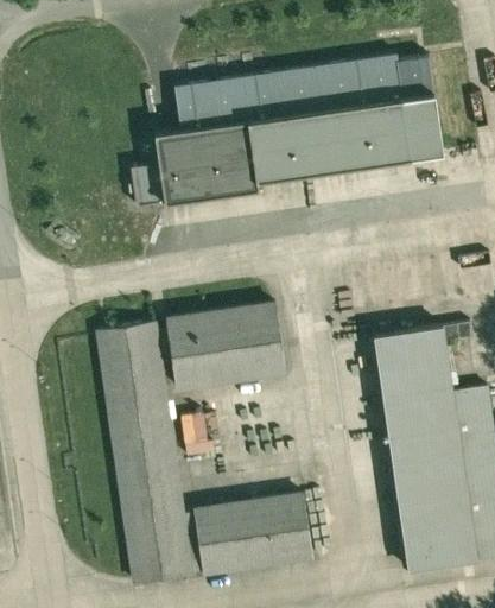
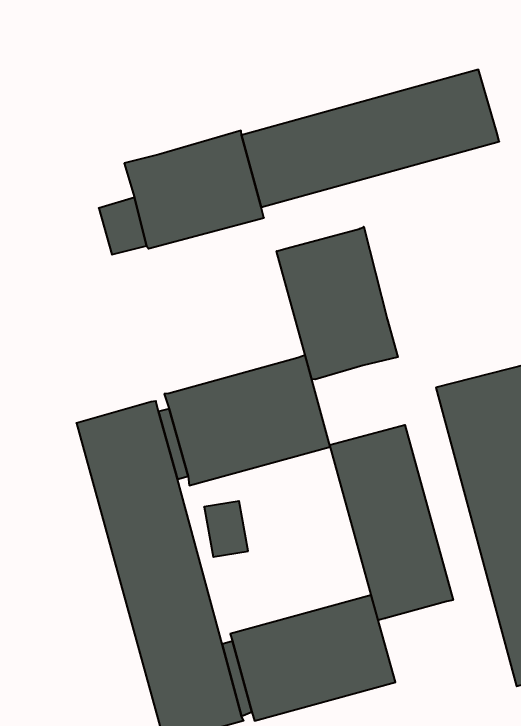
building: [174,53,434,133] -> none
building: none -> [277,227,398,379]
building: none -> [330,425,453,620]

